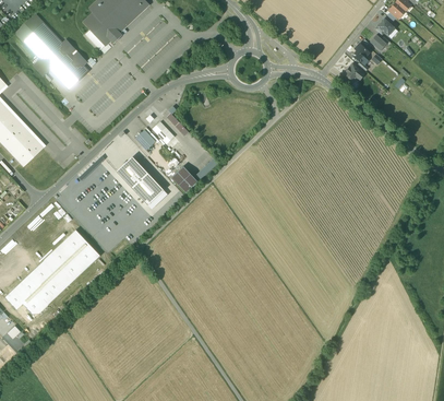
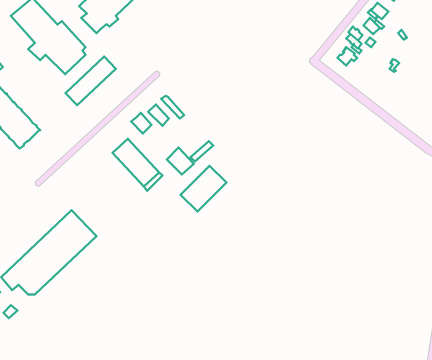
building: none -> [65,57,116,105]
building: none -> [181,166,227,212]

